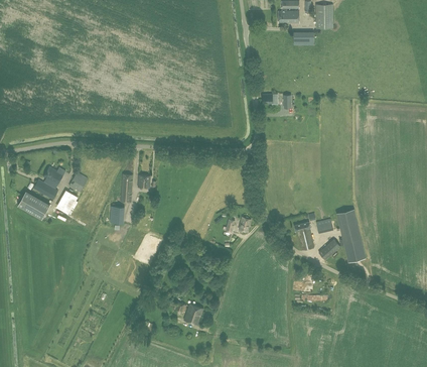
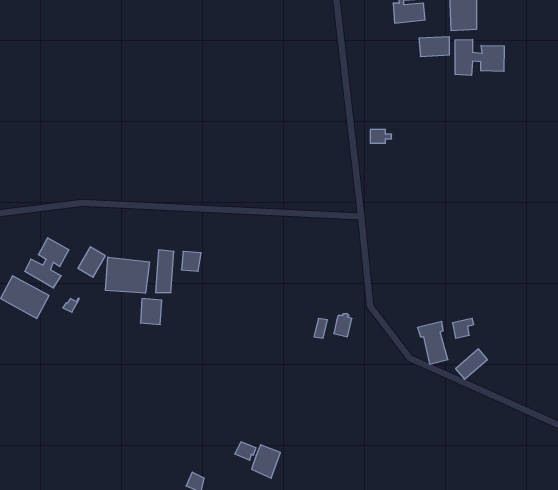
building: none -> [455,39,504,75]
building: none -> [105,257,149,293]
building: [335,209,366,261] -> none

